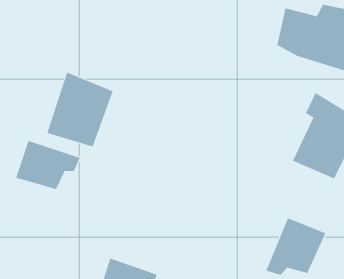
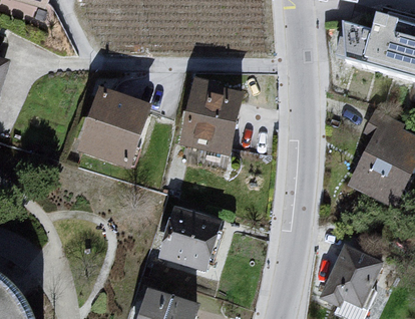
building: none -> [181,78,246,154]
building: [16,140,80,190] -> none
building: none -> [159,206,222,274]

